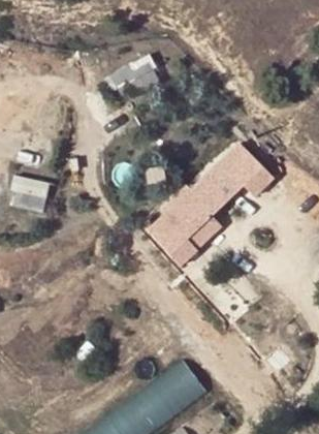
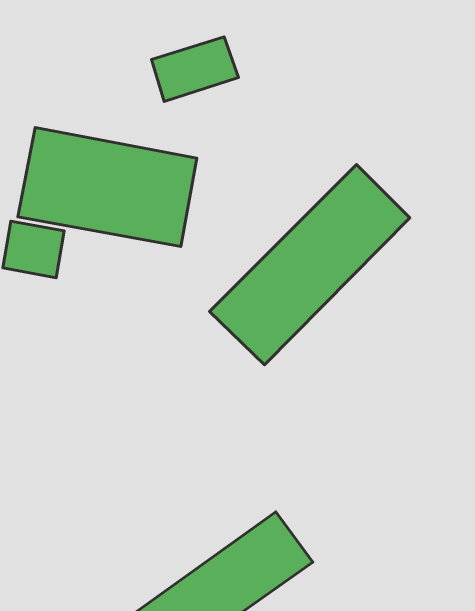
building: none -> [18,128,197,246]

